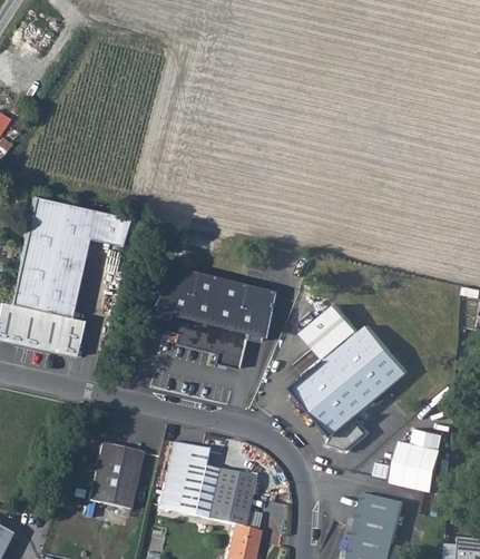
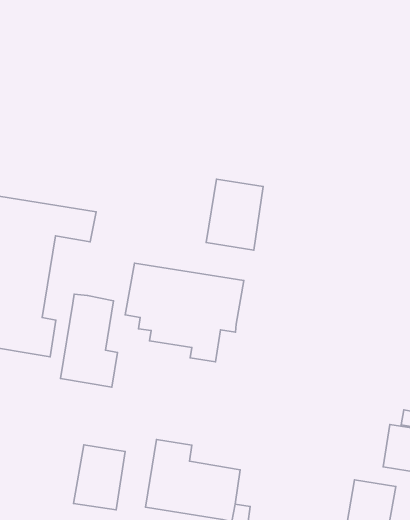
building: none -> [206,179,263,250]
building: none -> [61,294,118,387]
building: [295,304,410,450] -> none

